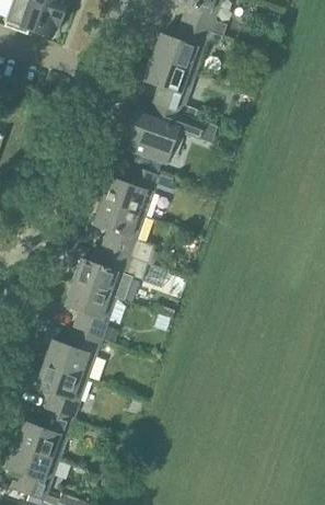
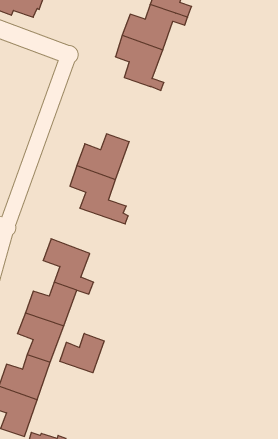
building: [117,104,204,162] -> none
building: [71,248,167,301] -> none
building: none -> [60,333,104,373]

